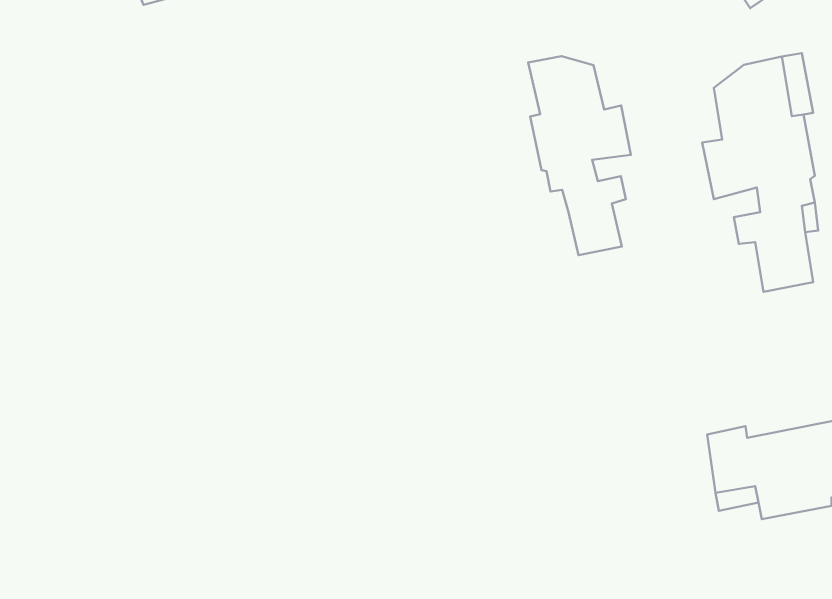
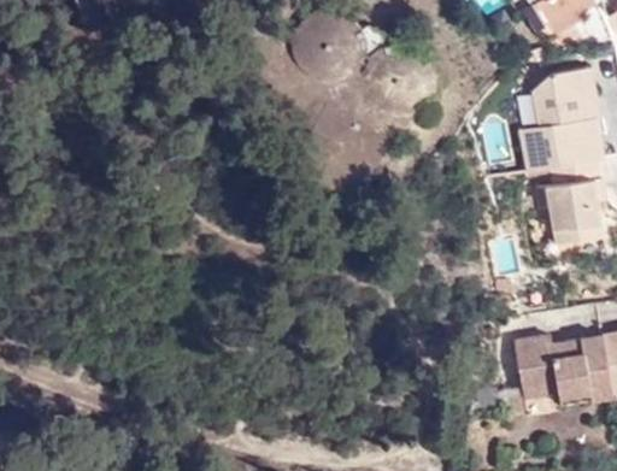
building: [528,56,631,255] -> none

